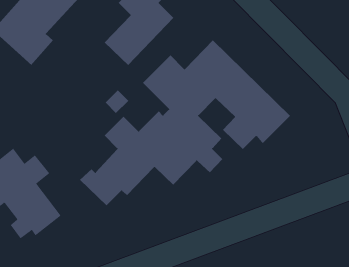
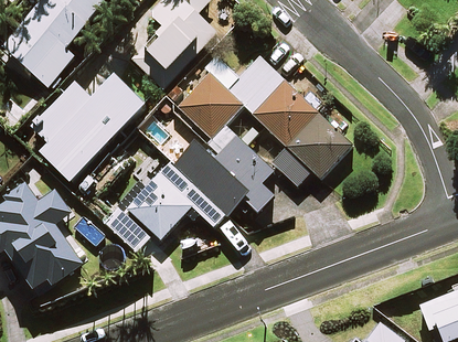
building: none -> [29,74,143,181]

